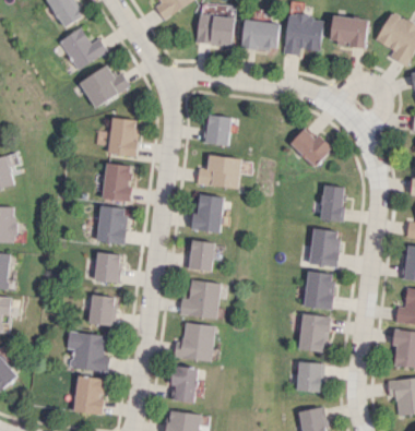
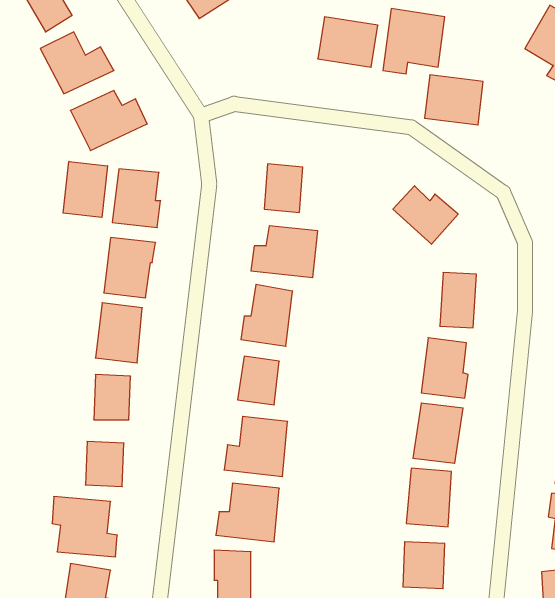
building: [195,13,235,46] -> none
building: [330,15,368,48] -> [425,75,483,125]
building: none -> [63,161,107,217]

